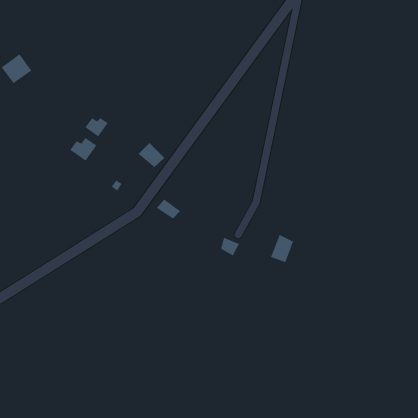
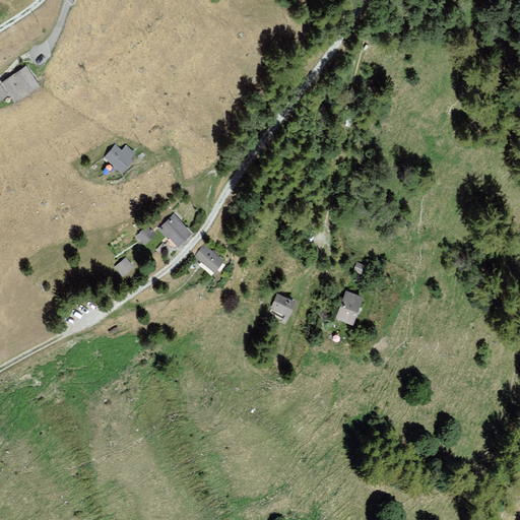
building: [70,137,97,161] -> none
building: [138,142,165,168] -> [157,215,191,247]

